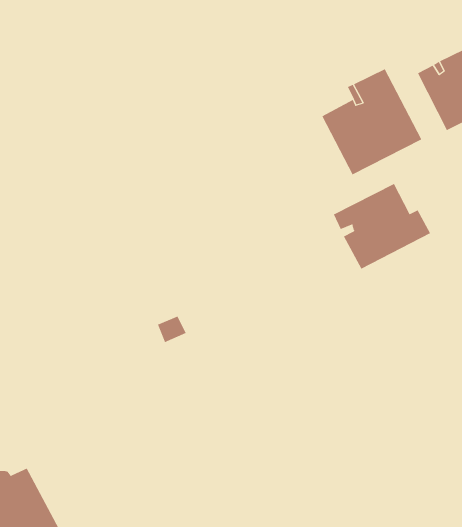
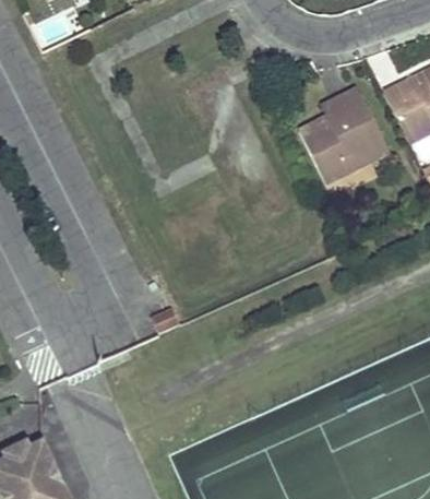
building: [333,183,431,269] -> none

